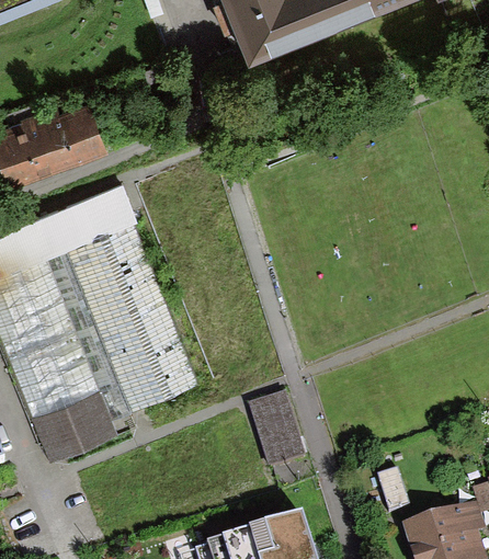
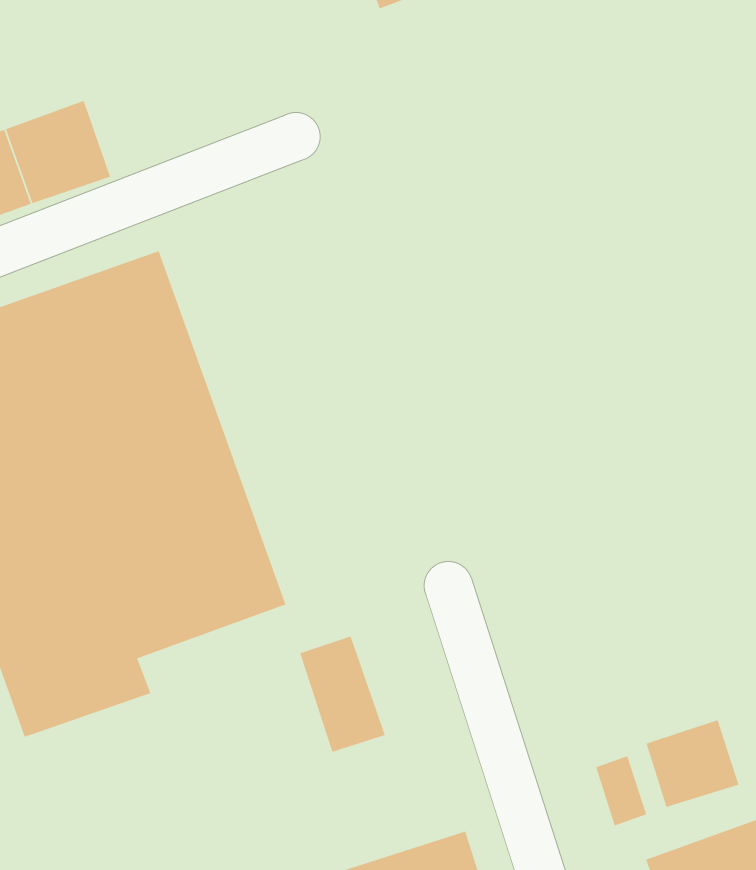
building: [247,398,296,465] -> [299,635,386,753]
building: none -> [646,719,739,808]

